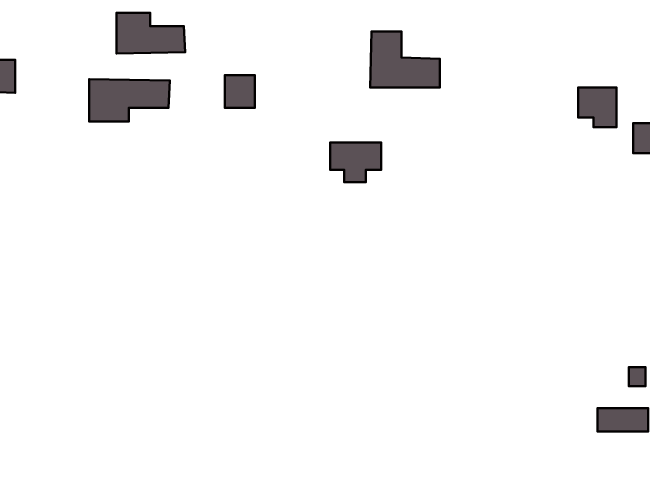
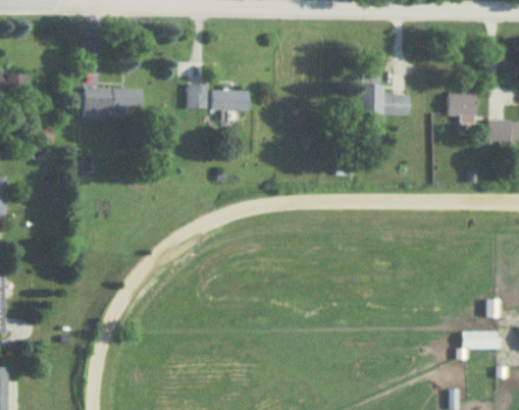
building: [116,13,185,54] -> none
building: [370,31,440,88] -> [358,73,410,115]
building: [330,142,381,182] -> [212,90,250,119]

